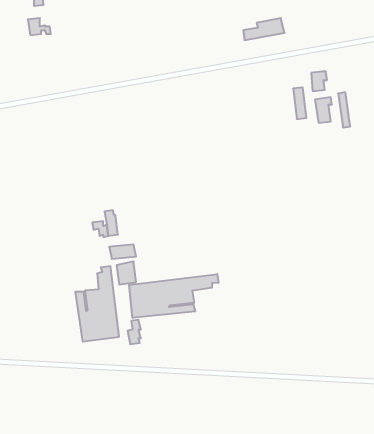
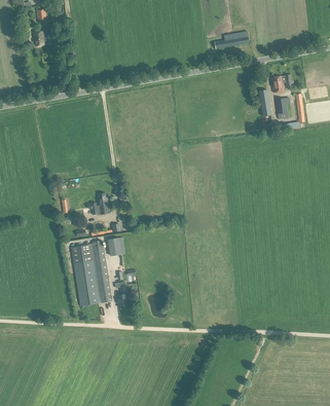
building: [129,274,218,318] -> none

